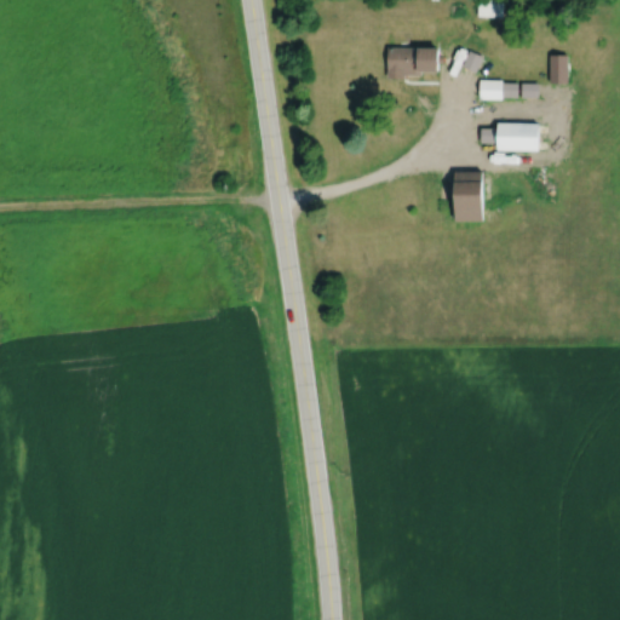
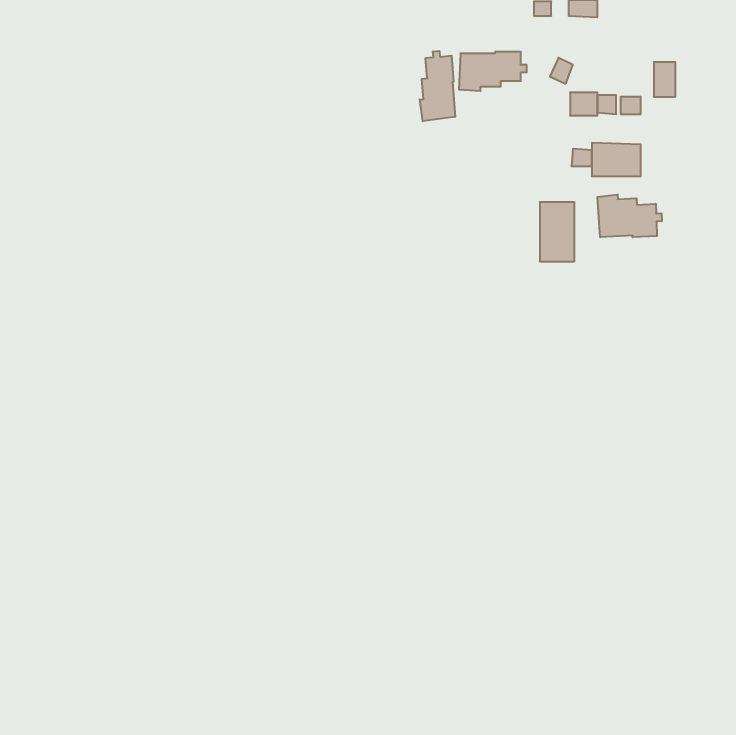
building: none -> [420,51,455,121]
building: none -> [597,194,662,237]

